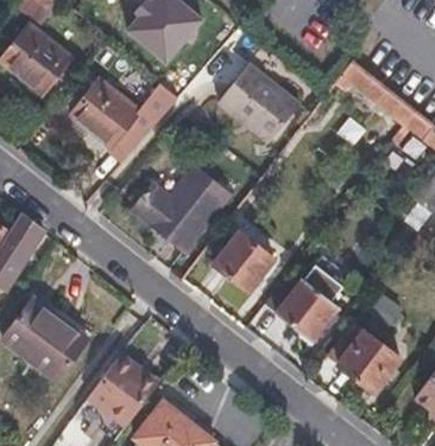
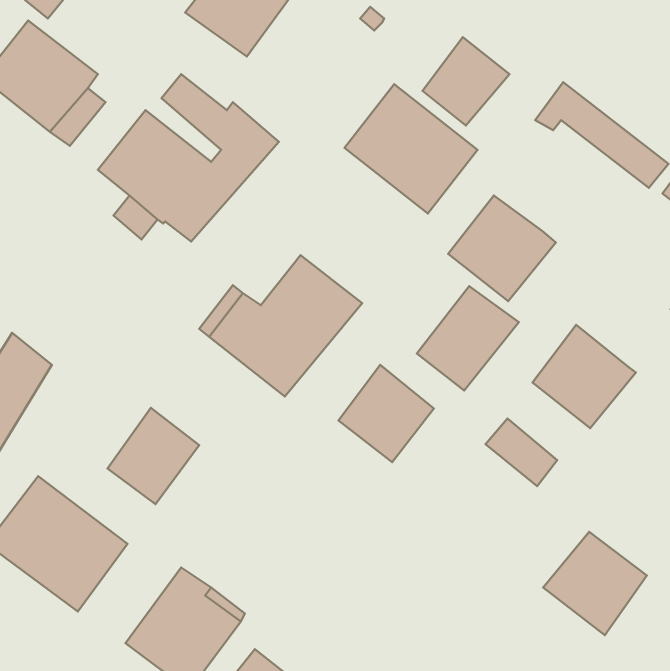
building: none -> [423,37,510,126]
building: none -> [448,196,556,301]
building: none -> [417,286,519,390]
building: none -> [107,408,199,504]
building: [276,279,338,340] -> [532,325,636,428]

